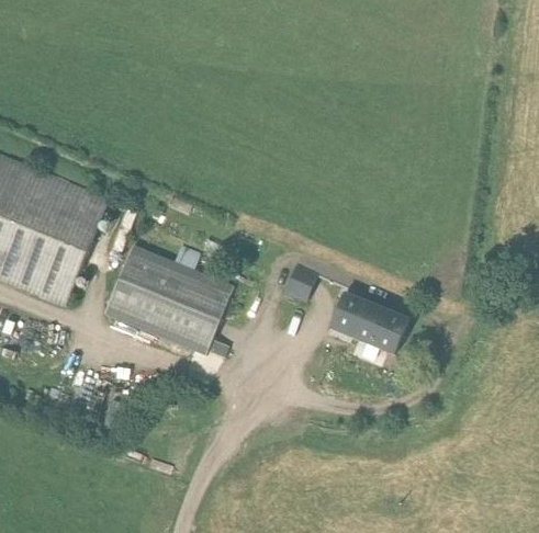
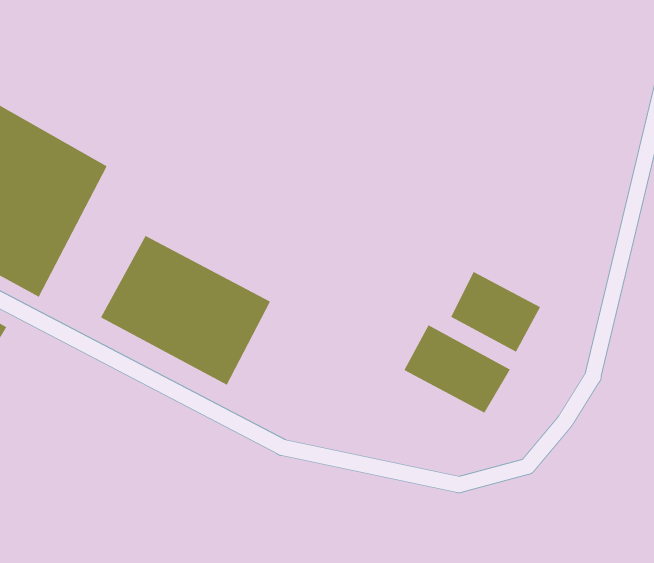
building: none -> [451,271,541,353]
building: [281,260,319,298] -> none

